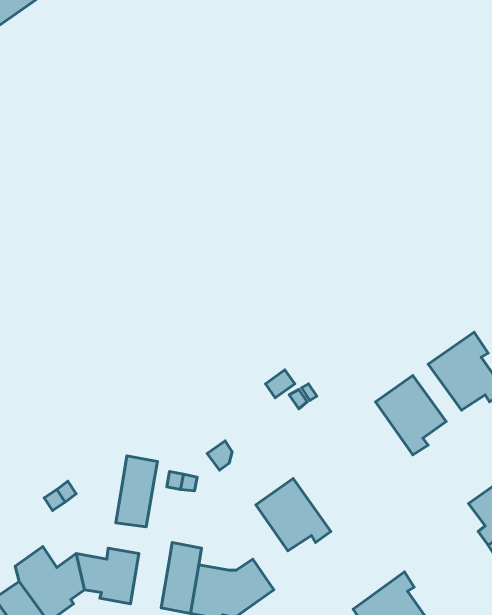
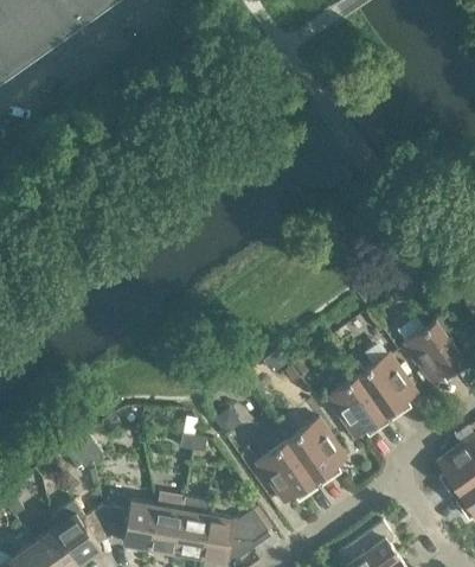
building: none -> [325,376,389,439]
building: none -> [287,419,346,486]
building: [116,456,157,527] -> [148,491,184,552]

